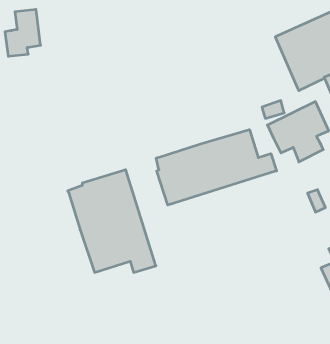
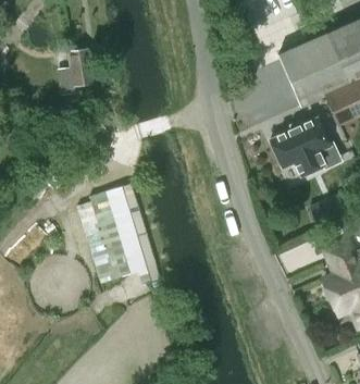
building: [5,9,41,56] -> [59,48,94,94]
building: [156,130,277,205] -> none

